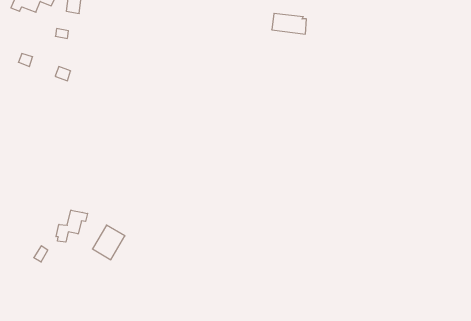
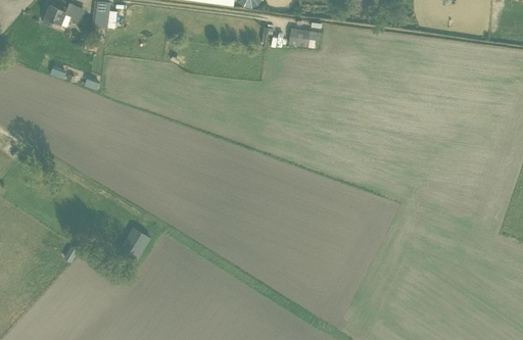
building: [56,210,88,242] -> none

